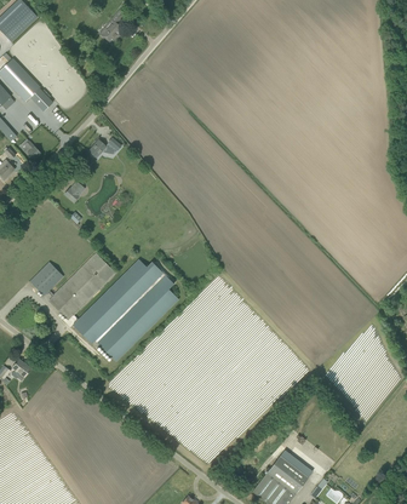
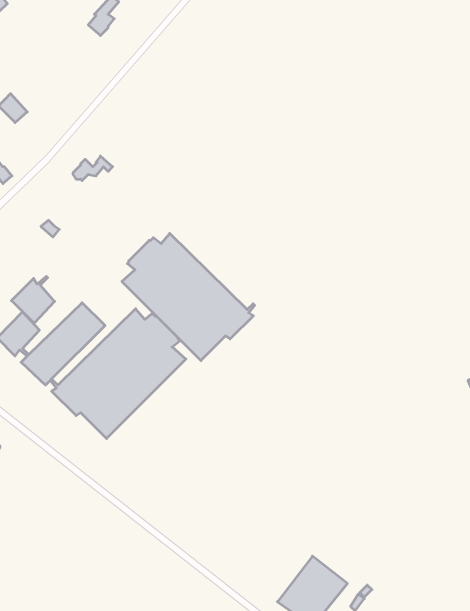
building: none -> [122,233,255,361]
building: none -> [11,276,55,323]

